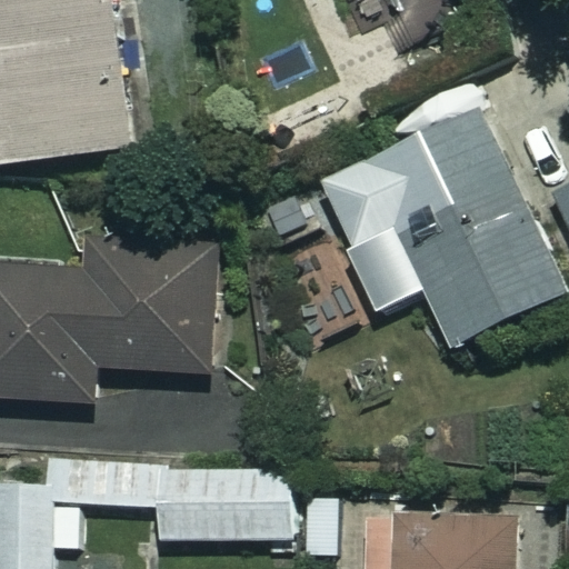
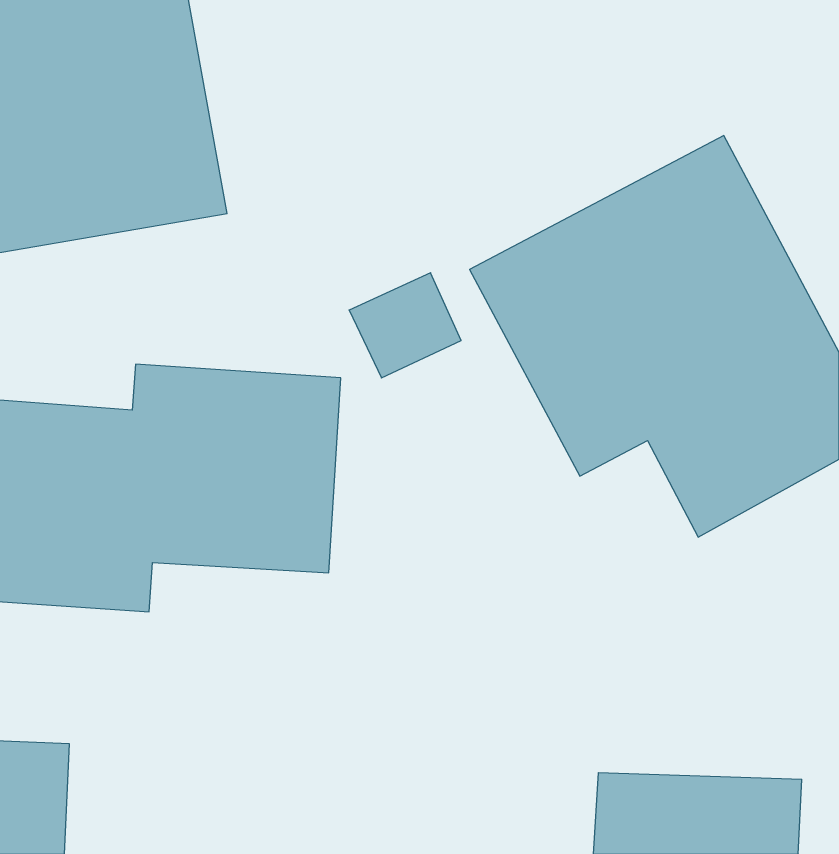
building: [159,472,295,545] -> none

